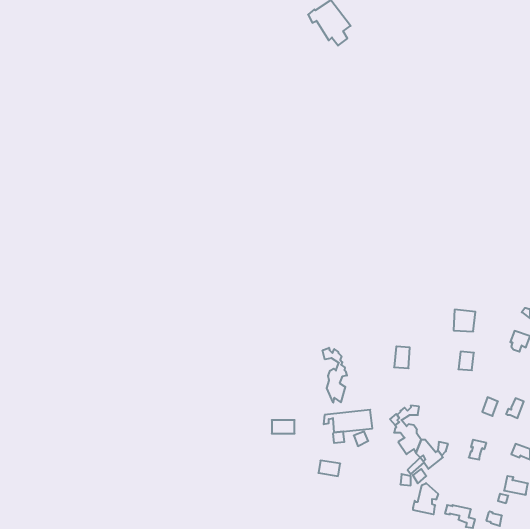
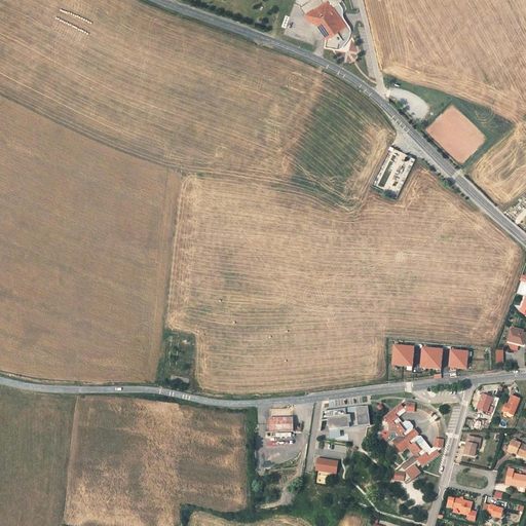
building: [454,310,475,331] -> [419,345,441,367]
building: [323,348,347,403] -> none
building: [413,483,438,514] -> none

